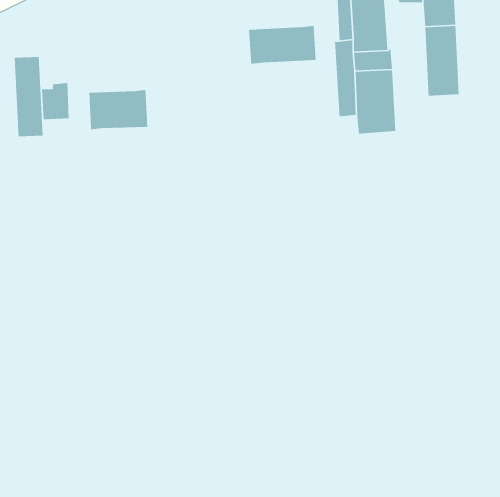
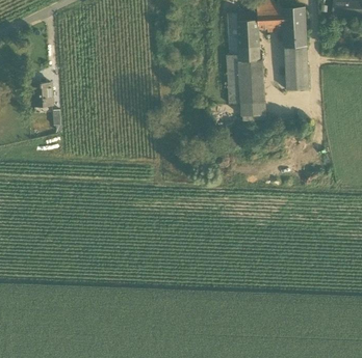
building: [248,25,317,65] -> none
building: [14,56,44,137] -> none
building: [88,89,148,130] -> none

